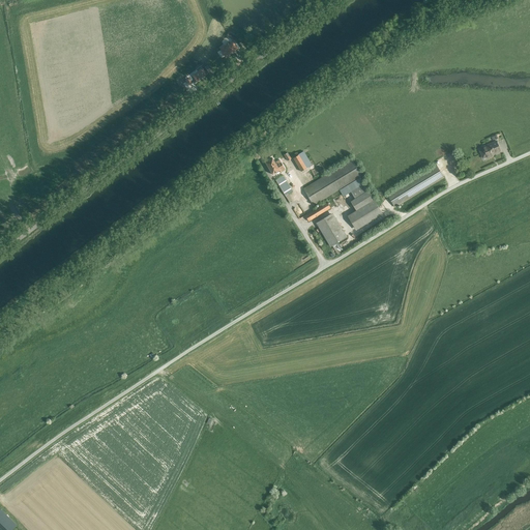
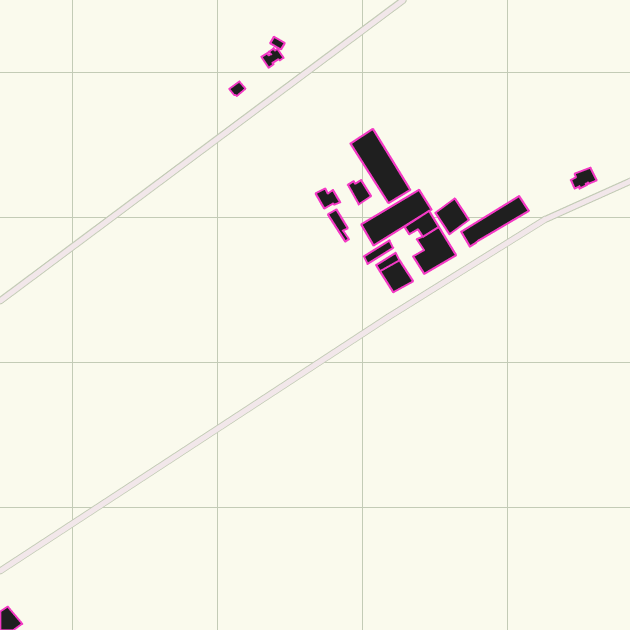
building: none -> [350,129,410,203]
building: none -> [435,198,469,234]

